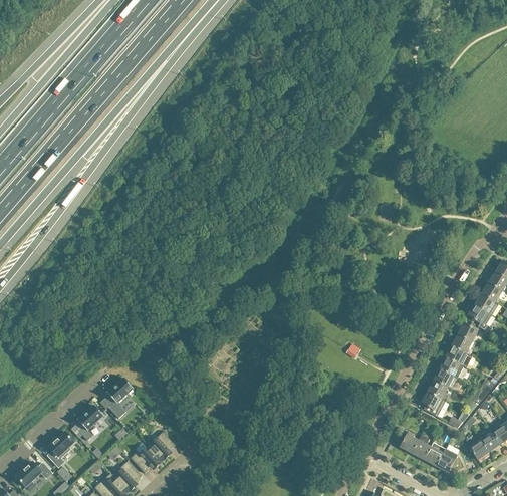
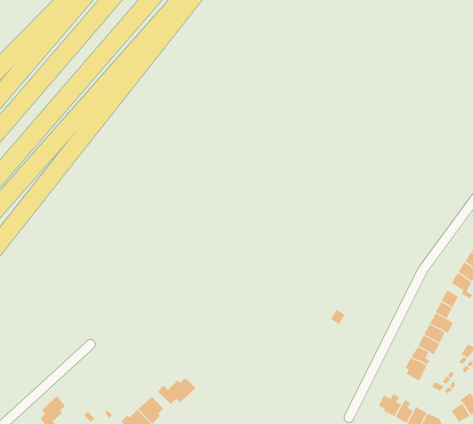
building: [106,378,132,418] -> none
building: [76,405,102,440] -> none
building: none -> [157,377,197,404]

